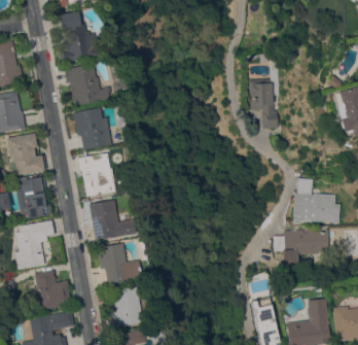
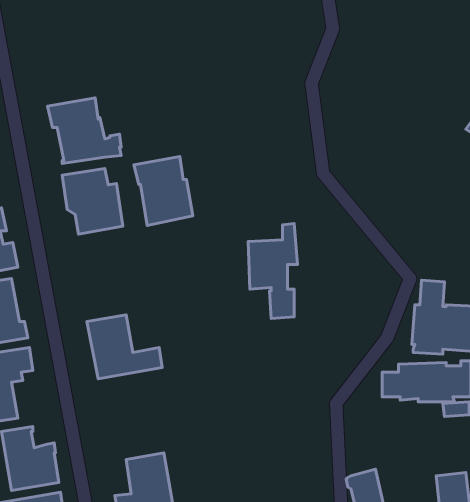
building: [61,11,99,63] -> none
building: [249,69,280,129] -> [248,223,297,319]
building: [78,153,115,197] -> [134,157,193,226]
building: [97,243,142,284] -> none

